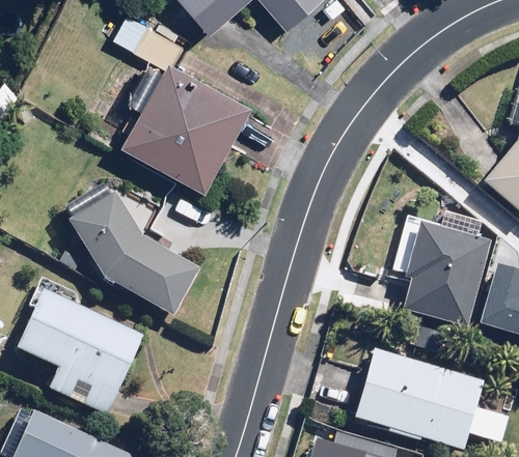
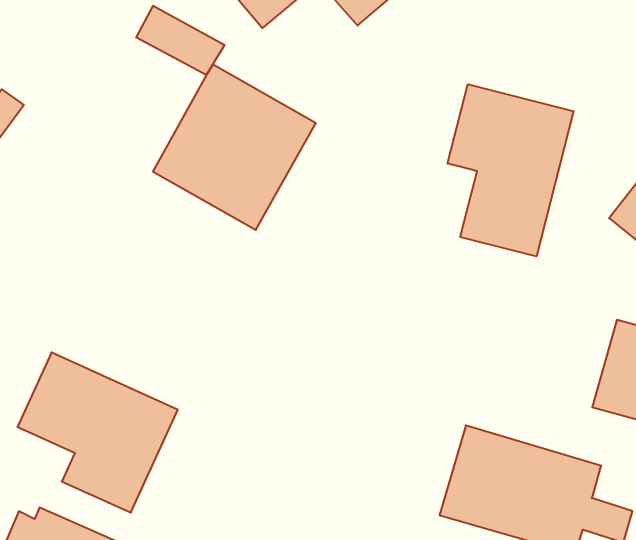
building: none -> [448,84,574,256]
building: [69,194,200,316] -> none
building: [404,216,491,330] -> none

